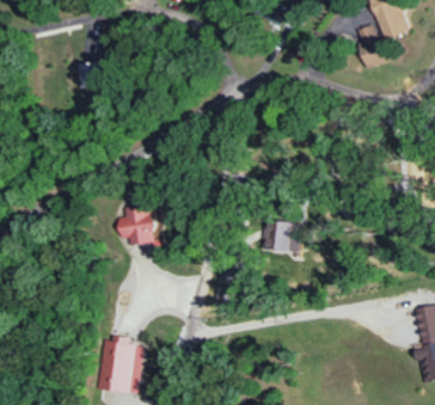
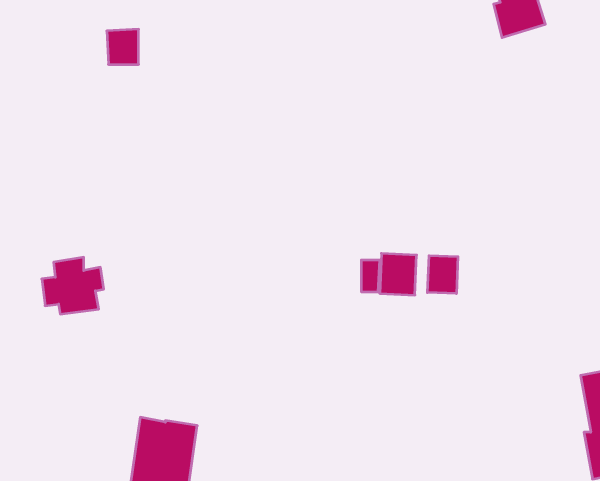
building: [114,203,158,244] -> [42,257,104,314]
building: none -> [427,256,458,294]

